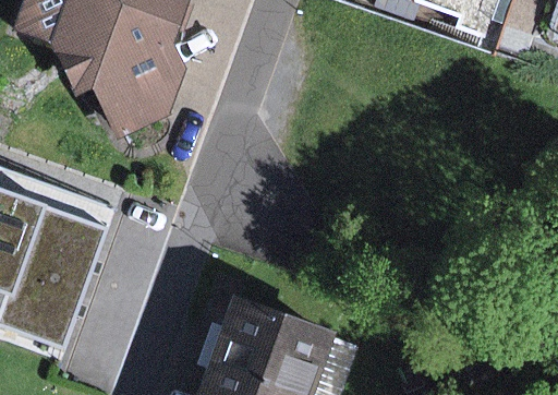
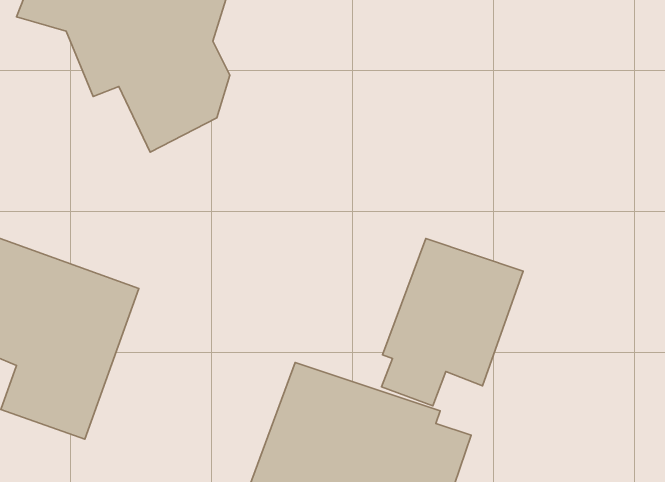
building: none -> [381,238,523,406]

